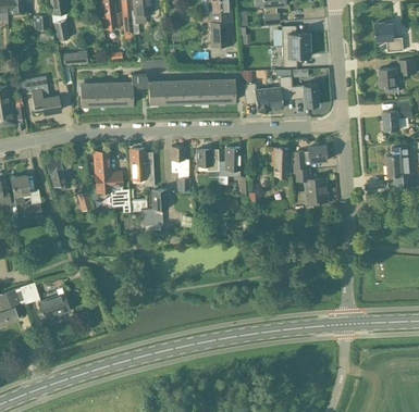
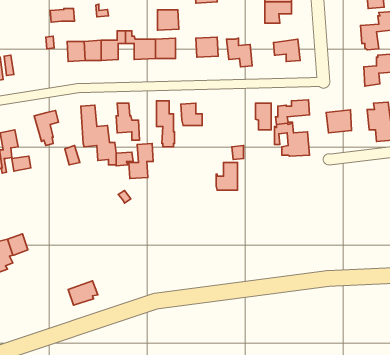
building: [20,75,60,113] -> none
building: [267,75,292,110] -> none
building: [190,82,212,102] -> [157,10,179,30]
building: [218,147,239,175] -> [216,162,237,190]
building: none -> [326,110,351,133]
building: [38,294,69,319] -> [68,281,98,305]

